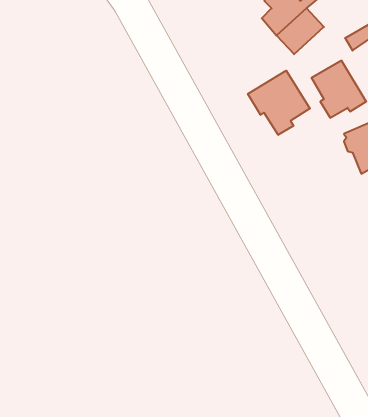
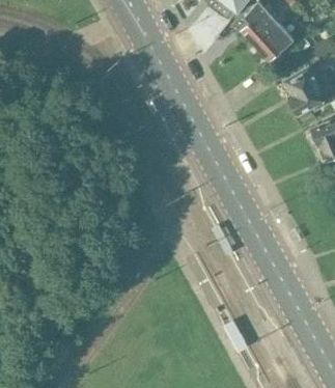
building: [248,71,310,135] -> none

